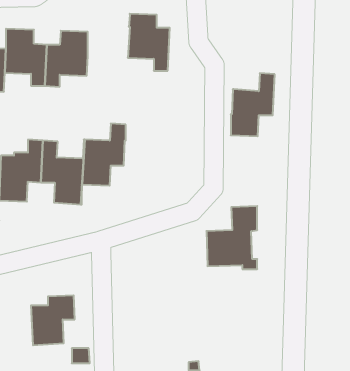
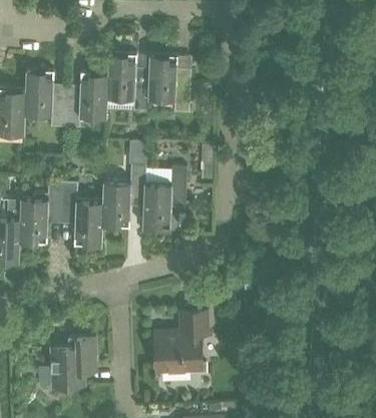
building: none -> [107,52,149,110]
building: [231,73,275,136] -> [142,165,186,229]
building: [206,206,257,269] -> [154,310,206,373]

